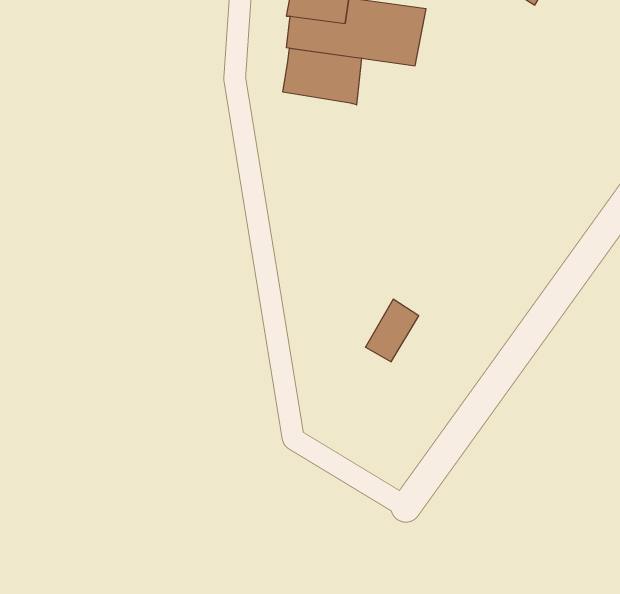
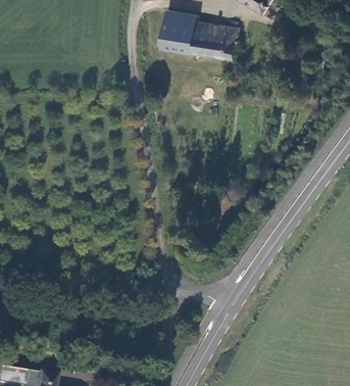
building: [283,48,362,105] -> none

